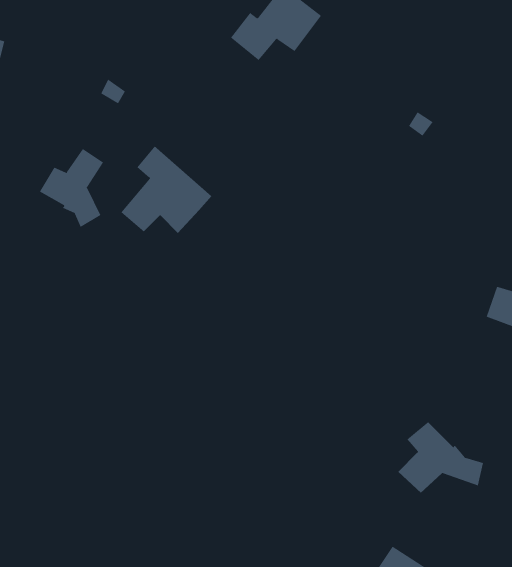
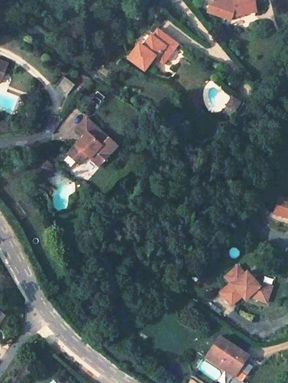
building: [39,148,104,228] -> none

